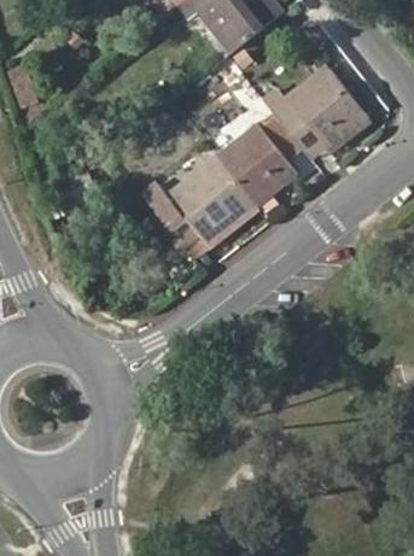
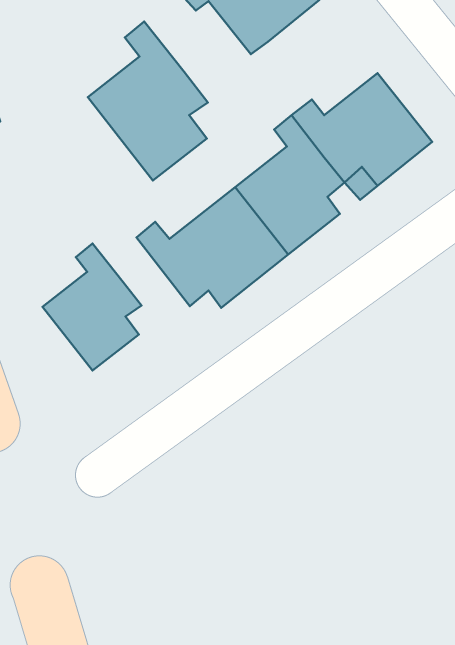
building: none -> [88,22,208,180]
building: none -> [43,244,141,371]

